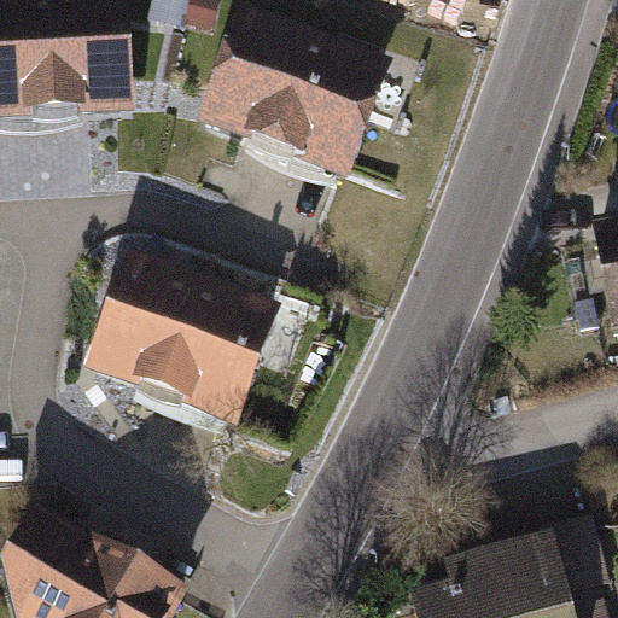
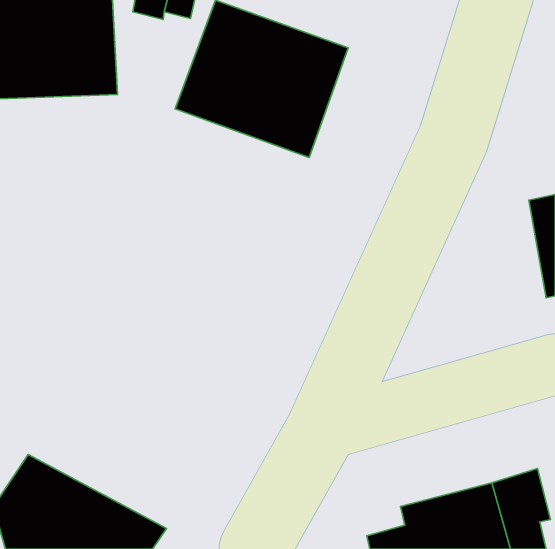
building: [83,245,280,421] -> none

